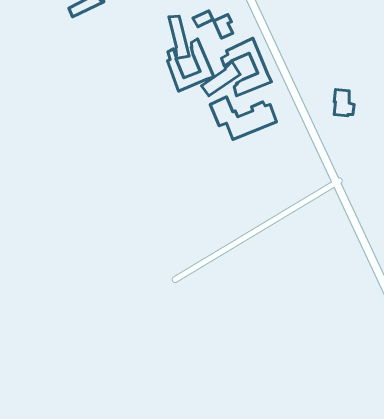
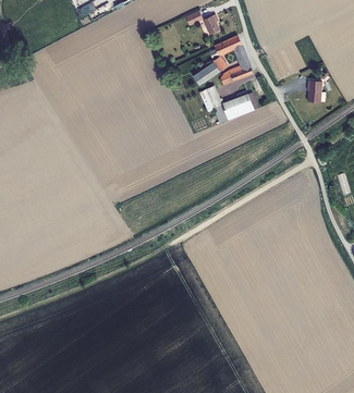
building: [167,16,214,91] -> none

